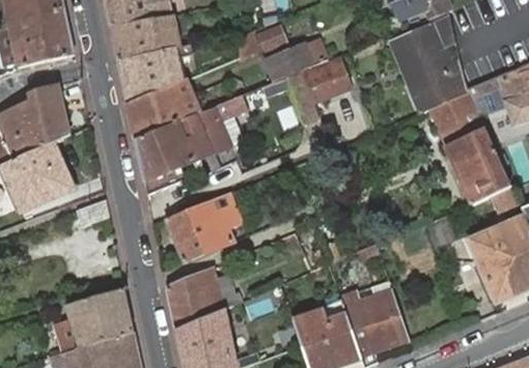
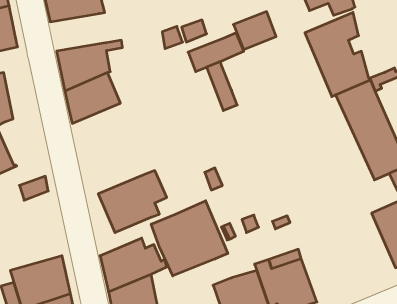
building: [110,16,177,59] -> none
building: [302,60,350,103] -> [233,12,276,49]
building: [135,95,244,195] -> none
building: none -> [151,201,228,276]

